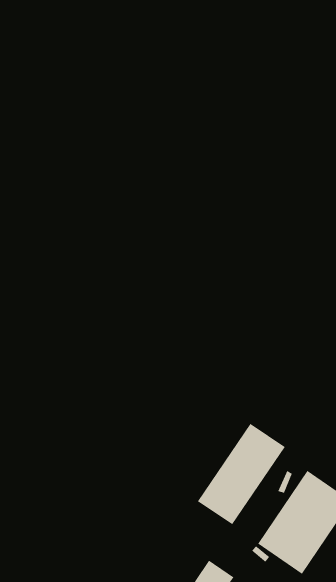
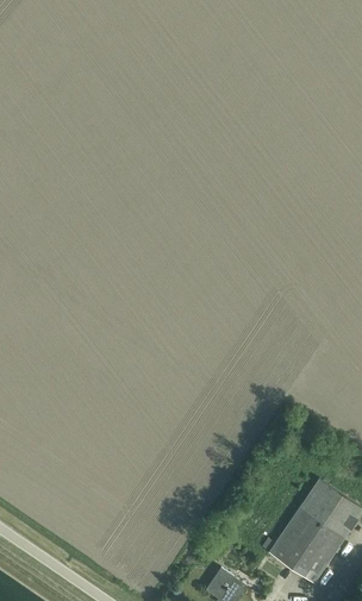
building: [197,423,286,525] -> none

